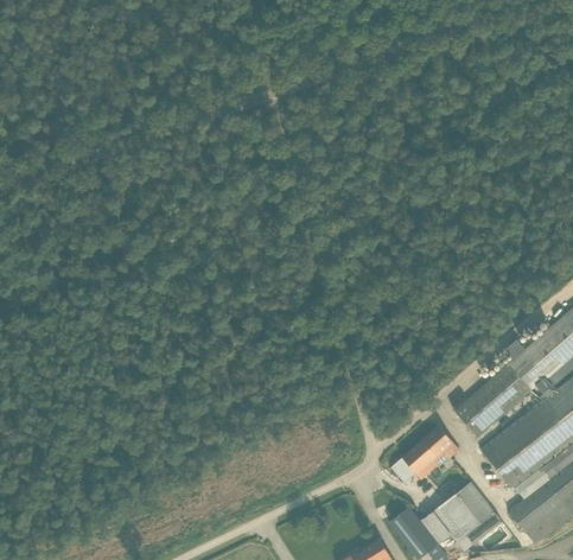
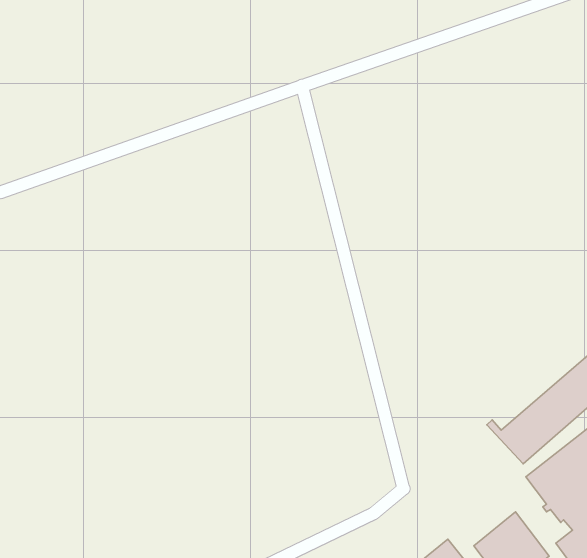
building: [390,425,459,482] -> none

